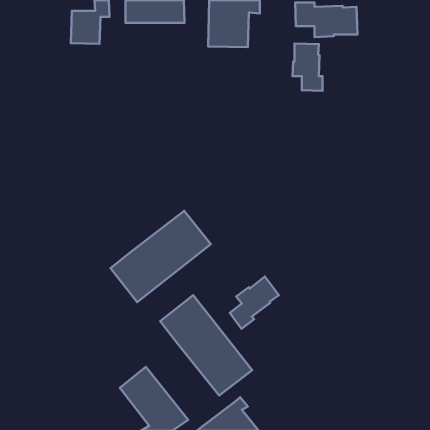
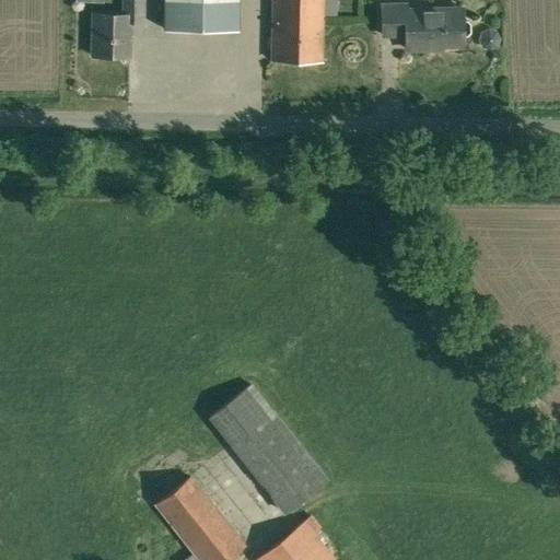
building: [292,44,323,91] -> none
building: [111,211,211,302] -> none
building: [230,276,279,329] -> none

